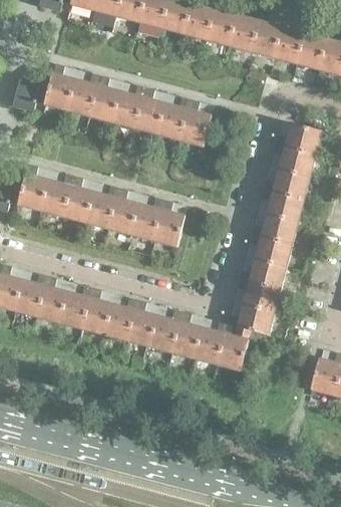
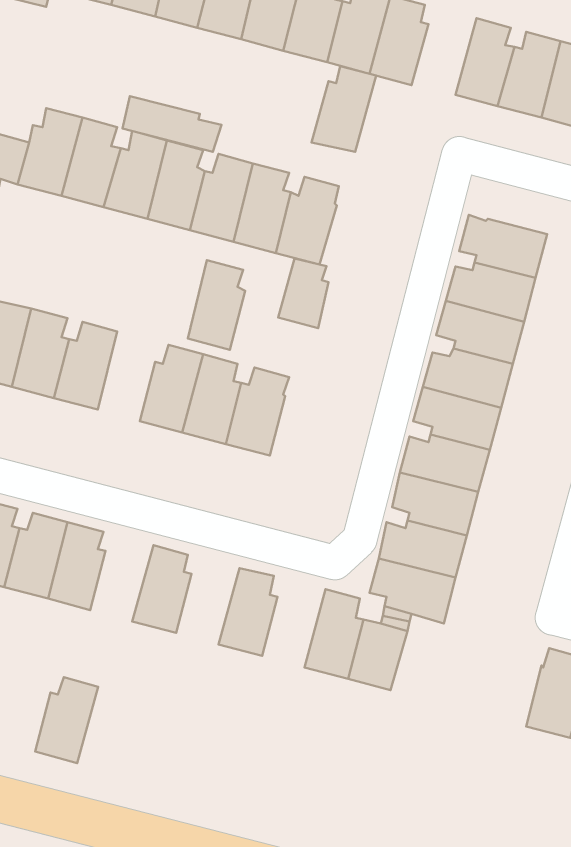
building: [251,13,285,58] -> [311,66,376,152]
building: none -> [122,96,221,152]
building: none -> [278,258,329,328]
building: [86,183,116,230] -> [188,260,245,350]
building: [82,290,115,335] -> [35,677,98,763]
building: [127,302,160,347] -> none
building: [173,314,206,359] -> none

